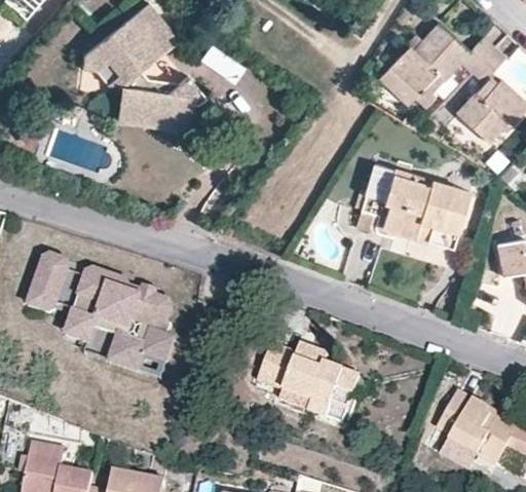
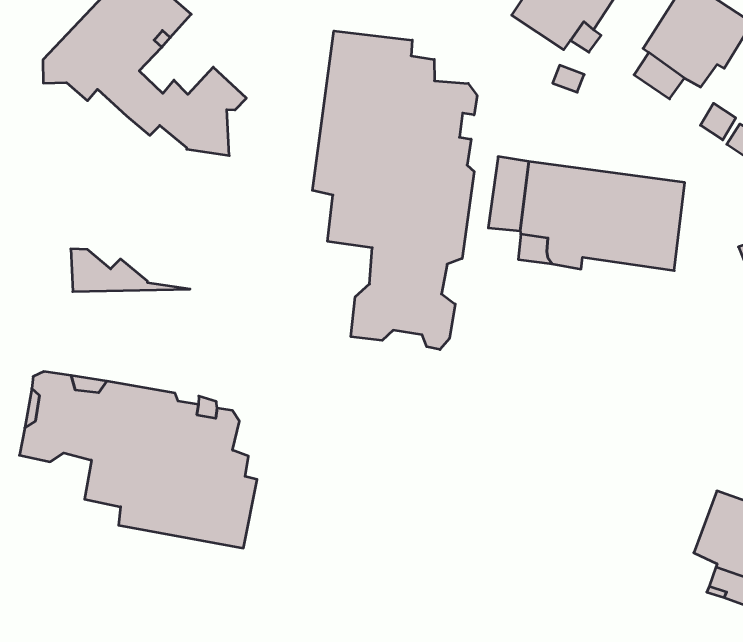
building: none -> [312,31,477,350]
building: [118,97,191,134] -> [71,249,190,292]
building: [259,342,360,419] -> none

